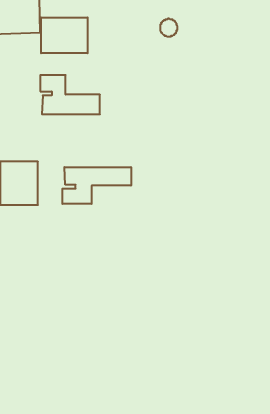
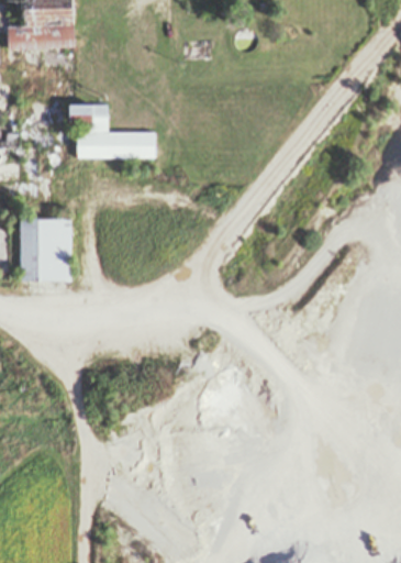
building: [41,17,88,53] -> none
building: [62,167,131,204] -> none

